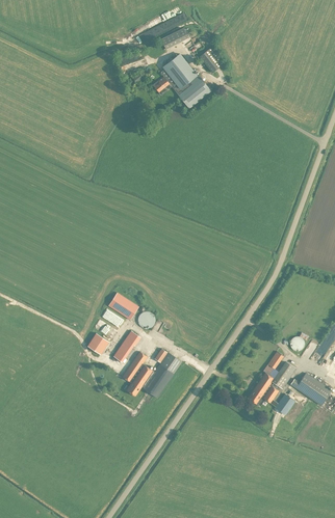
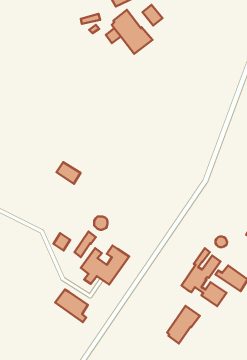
building: [108,293,138,320] -> [57,162,81,184]
building: none -> [55,289,88,322]
building: none -> [167,306,200,344]

